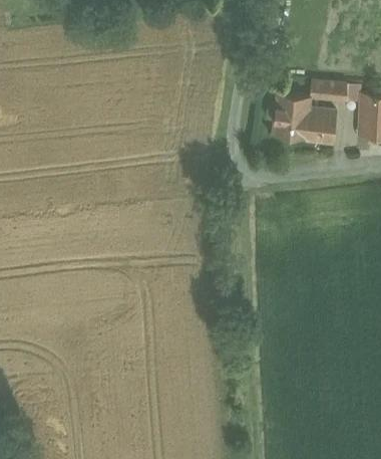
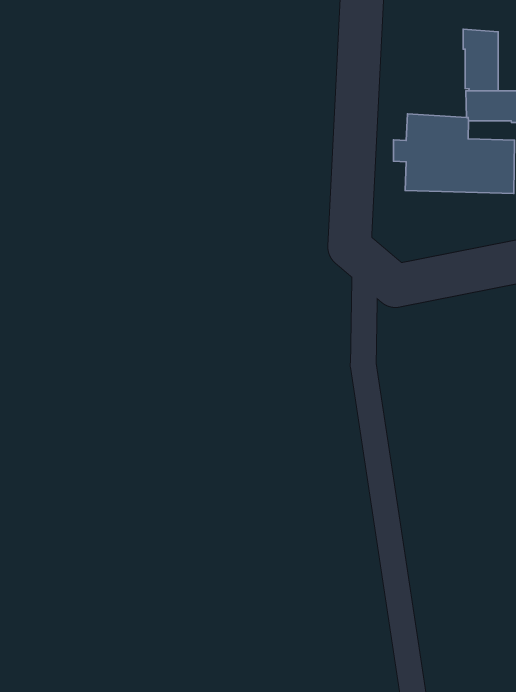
building: none -> [463,29,498,91]

